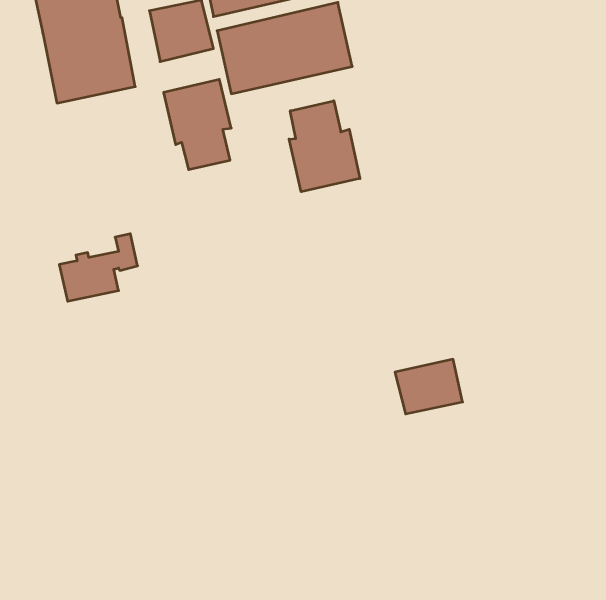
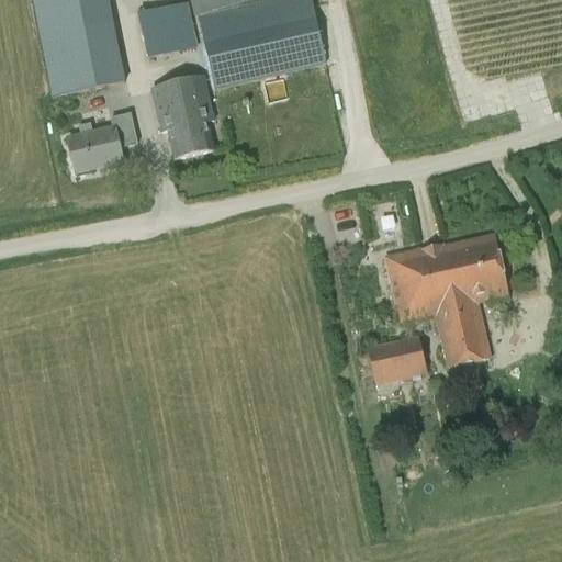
building: [289,101,360,192] -> none
building: [59,234,138,301] -> [67,108,139,170]
building: none -> [384,232,507,367]

